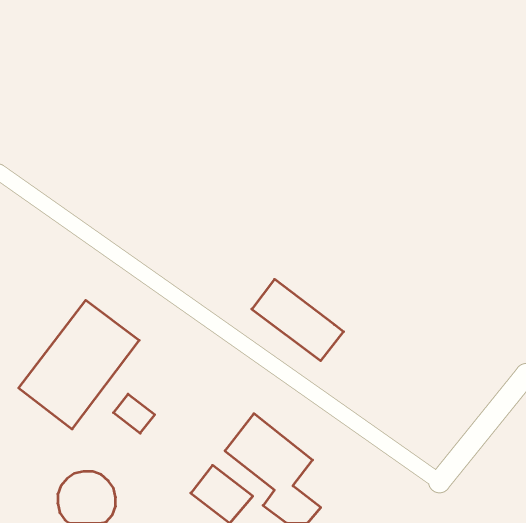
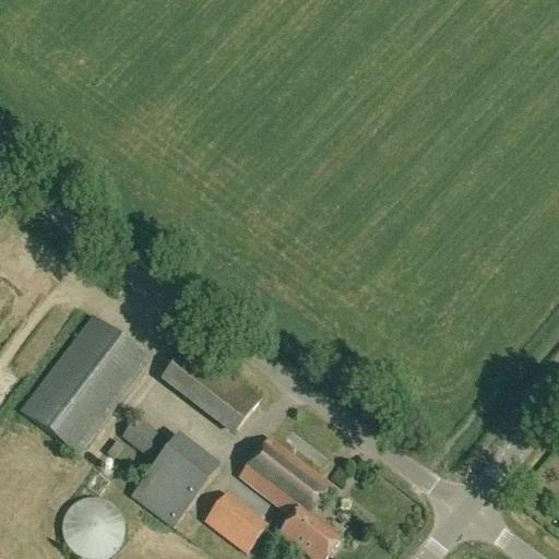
building: [252,279,344,361] -> [163,344,260,430]
building: none -> [134,426,226,524]

